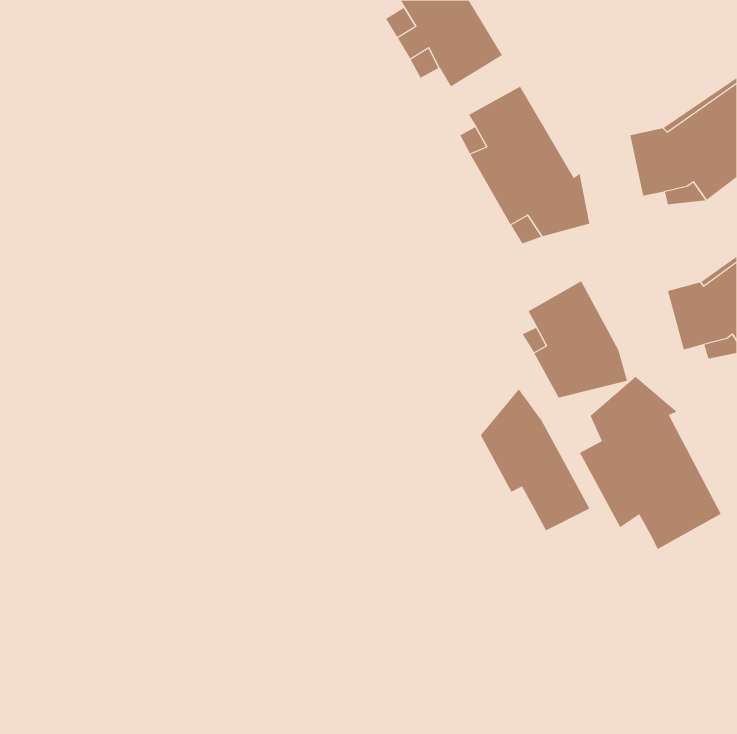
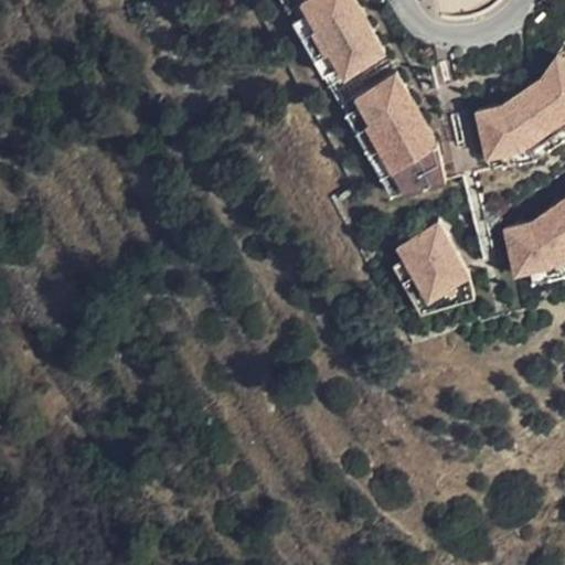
building: [579,376,721,550] -> none
building: [480,389,590,531] -> none

